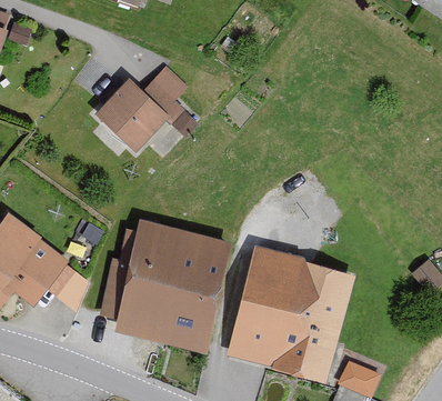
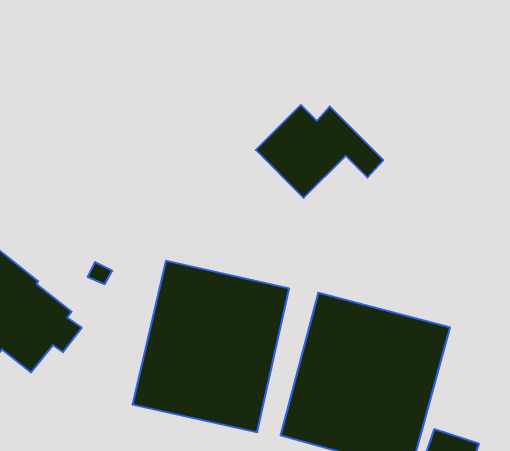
building: [92,78,190,149] -> [256,105,383,198]

